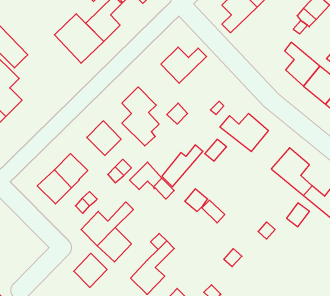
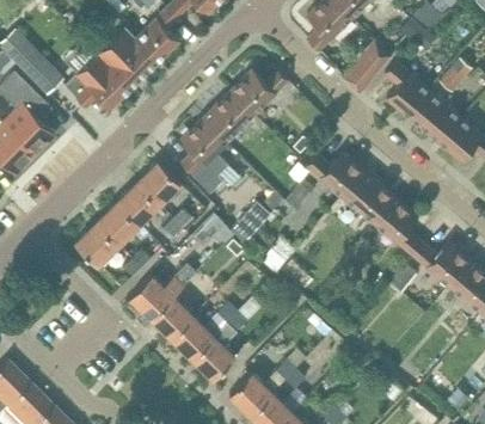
building: none -> [343,42,389,93]
building: none -> [59,50,129,110]
building: none -> [201,91,252,142]
building: none -> [343,174,391,222]
building: none -> [116,183,159,226]
building: [74,253,107,287] -> [171,317,213,360]

